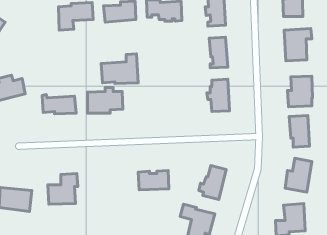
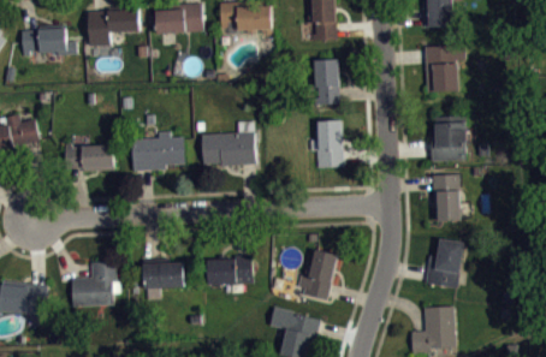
building: none -> [23,28,77,56]
building: [101,54,138,84] -> [201,121,256,166]
building: none -> [143,262,183,288]

